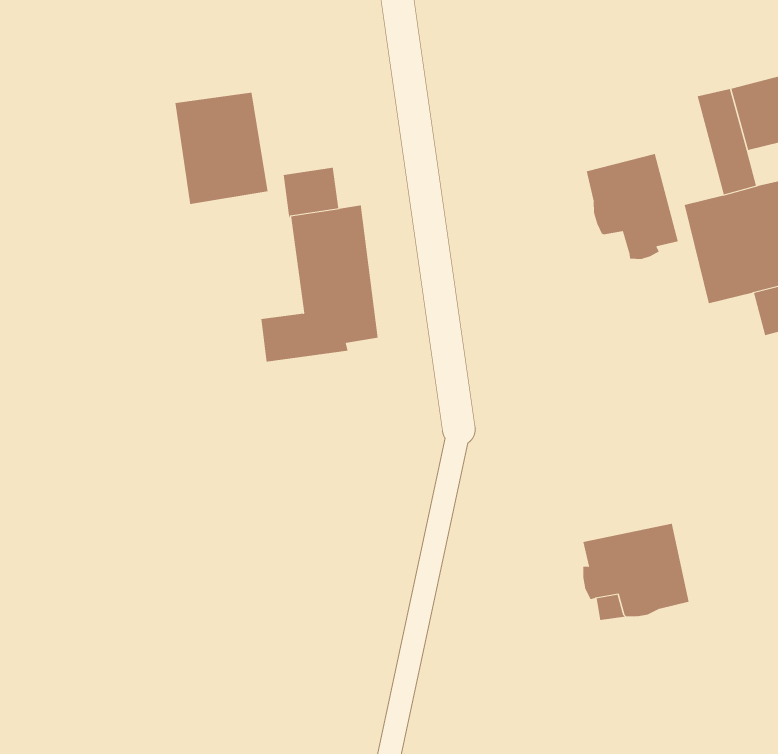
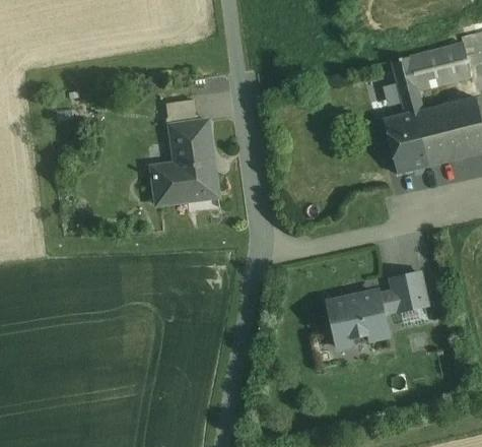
building: [175,92,268,205] -> none
building: [586,153,679,260] -> none
building: none -> [392,270,429,310]

